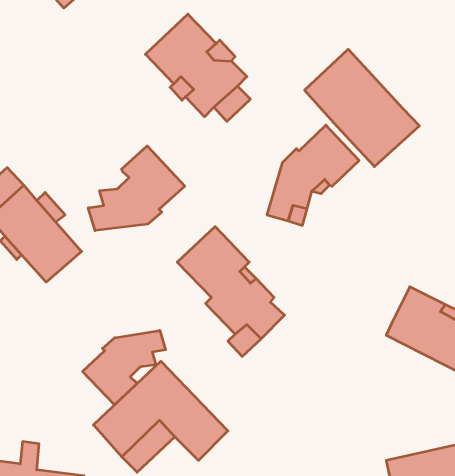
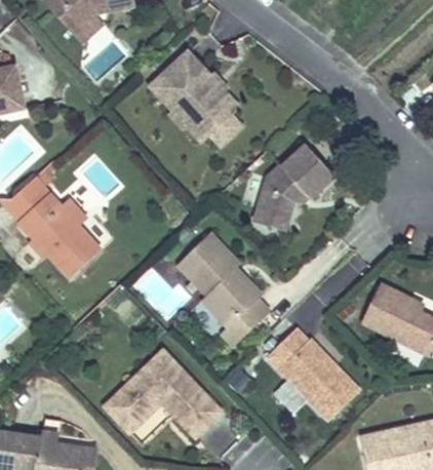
building: [305,49,419,167] -> none
building: [88,146,185,231] -> none
building: [83,330,166,405] -> none
building: none -> [266,331,357,422]

